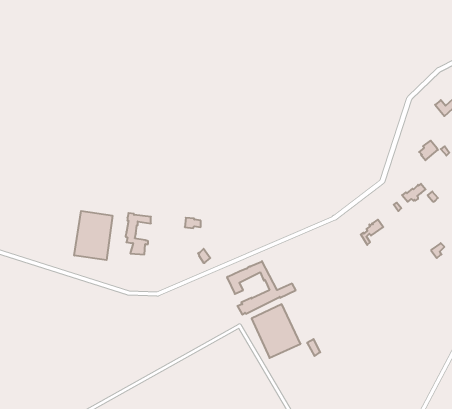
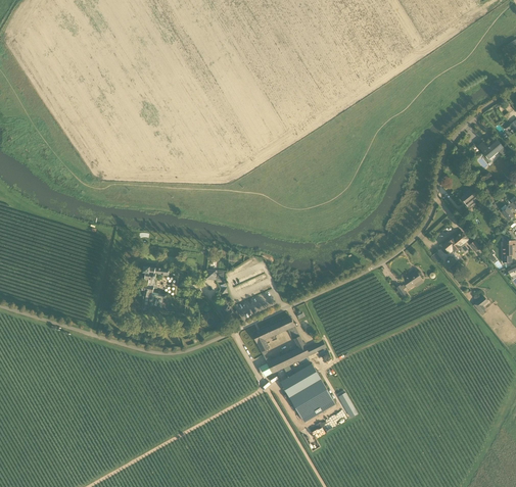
building: [74,211,112,260] -> none

